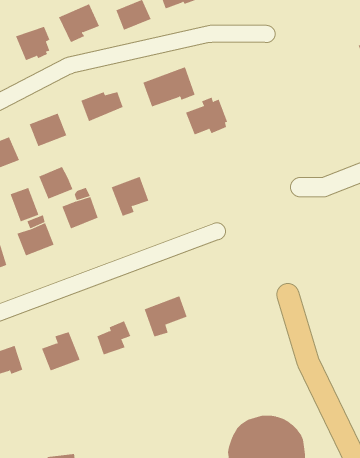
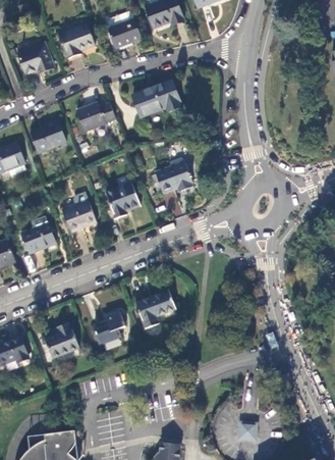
building: [185,97,228,135] -> [154,156,192,191]
building: [39,166,73,200] -> none
building: [10,187,39,222] -> none

